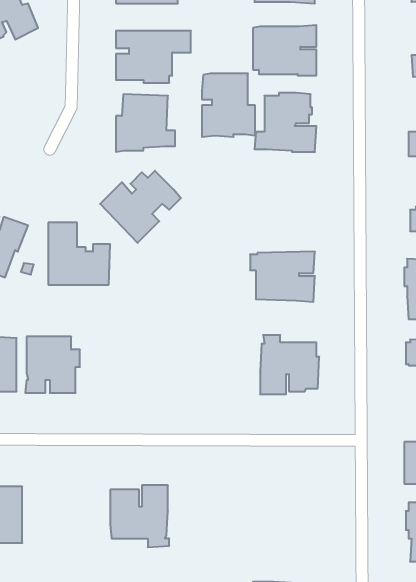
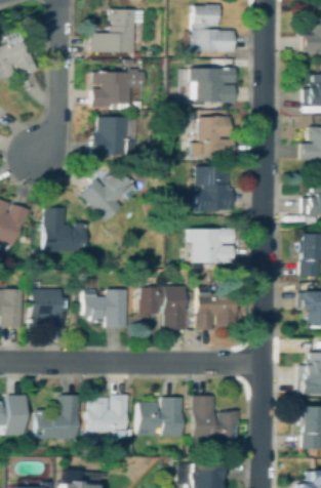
building: [202,73,255,137] -> [195,166,233,211]
building: none -> [138,285,186,329]
building: none -> [83,289,127,327]
building: none -> [35,395,80,438]
building: none -> [192,395,239,447]
building: none -> [138,397,183,436]

